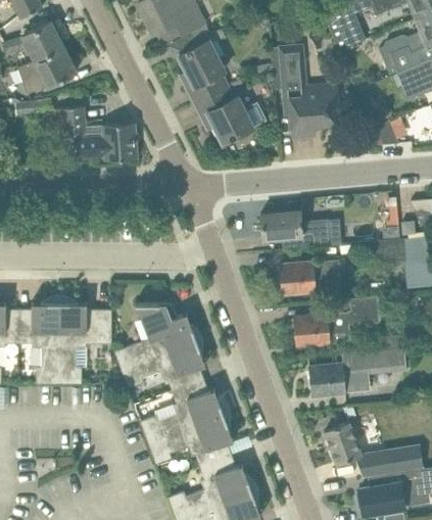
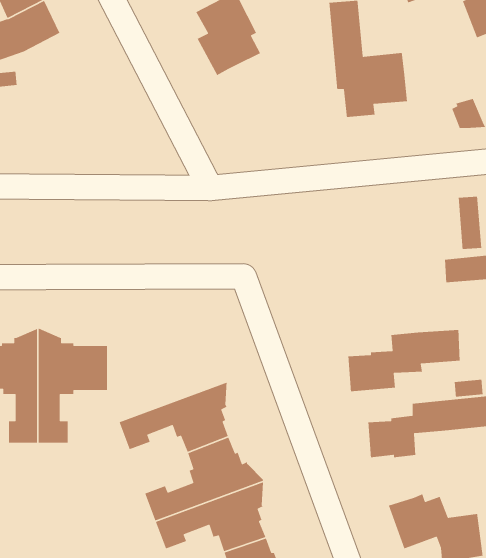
building: [194,88,267,143] -> none
building: [46,107,137,160] -> none
building: [260,210,341,247] -> none
building: [279,259,339,293] -> none
building: [113,303,202,368] -> none

